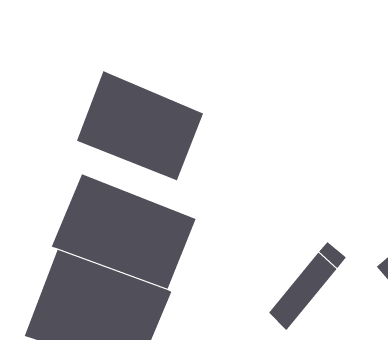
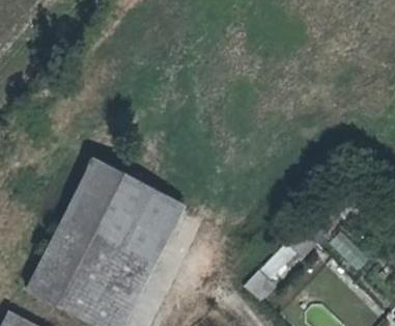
building: [76,70,204,181] -> none

